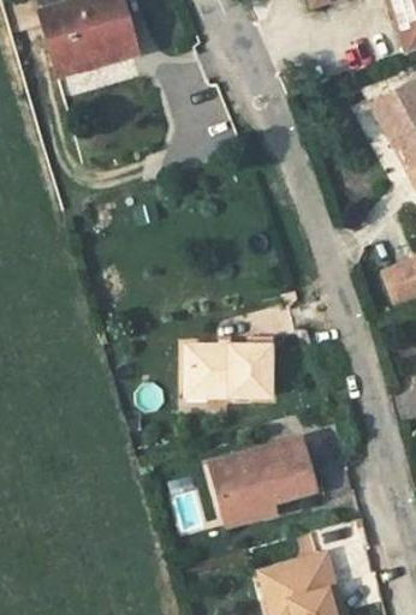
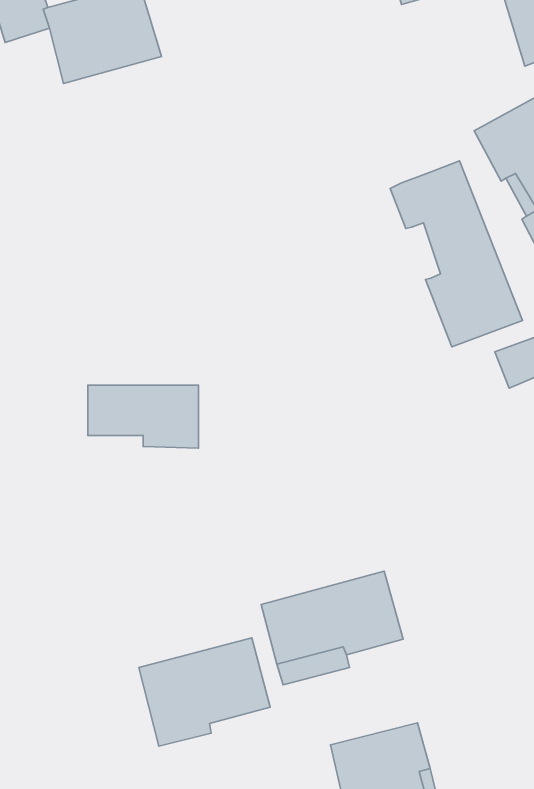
building: none -> [390,161,522,347]
building: [185,350,269,398] -> [88,385,198,448]
building: none -> [139,638,270,746]

